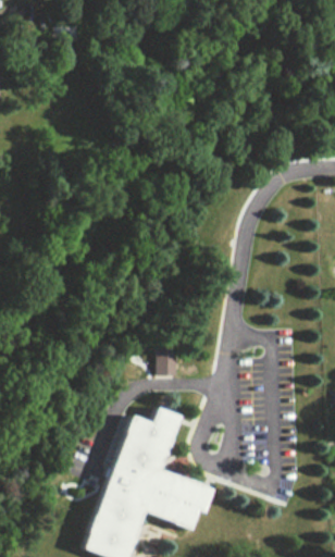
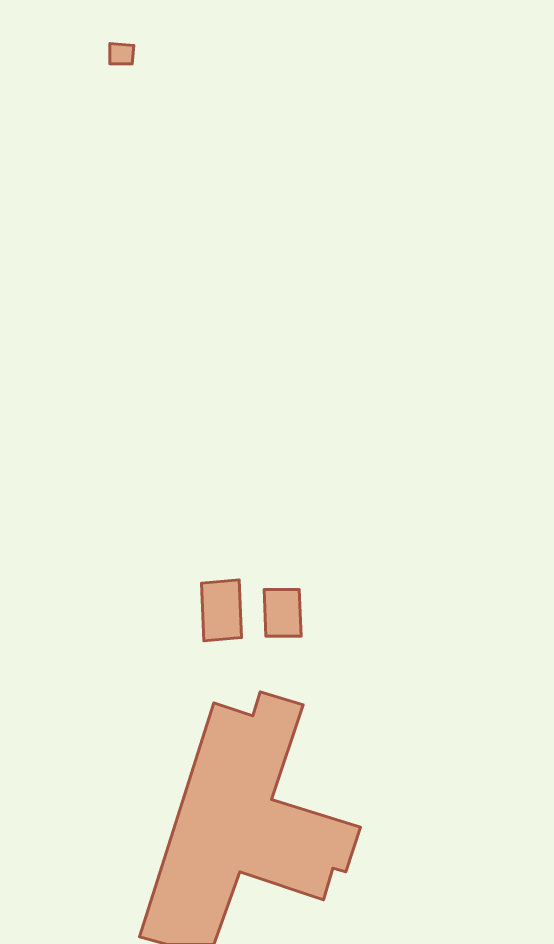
building: none -> [202,580,242,641]

